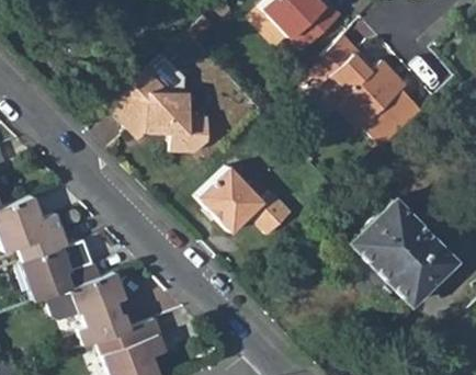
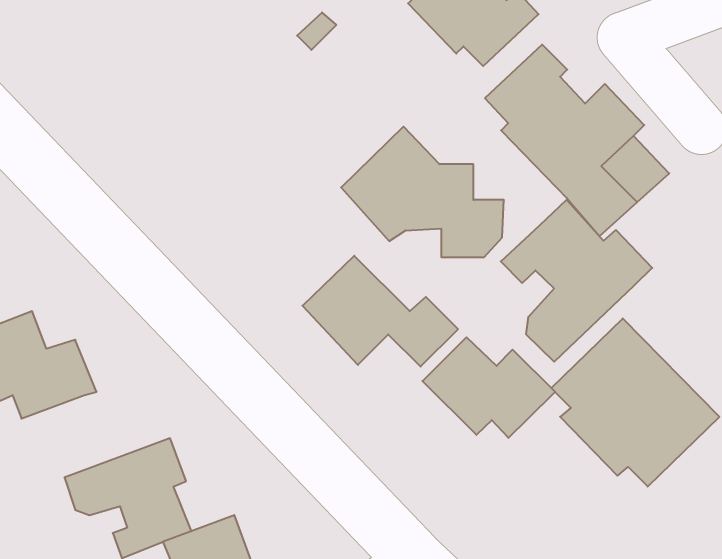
building: [112,68,212,148] -> [341,127,504,257]
building: none -> [501,200,652,362]
building: none -> [422,337,555,438]
building: [22,239,103,303] -> none

